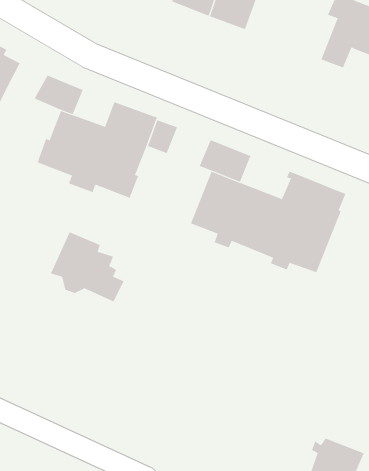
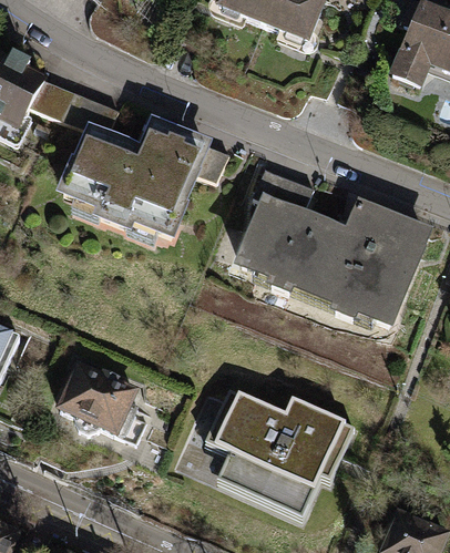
building: none -> [28,78,74,119]
building: [50,232,124,302] -> [59,360,145,442]
building: none -> [203,389,352,503]

